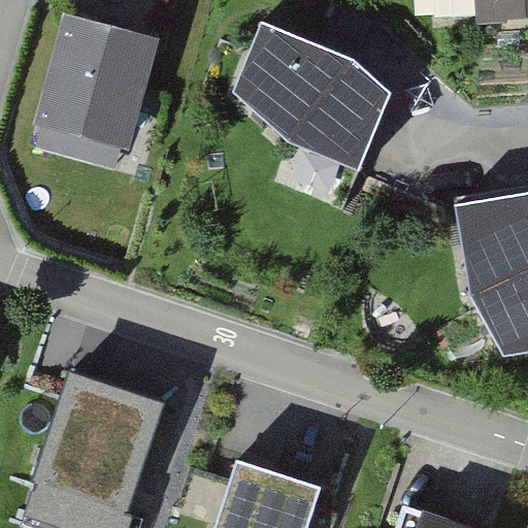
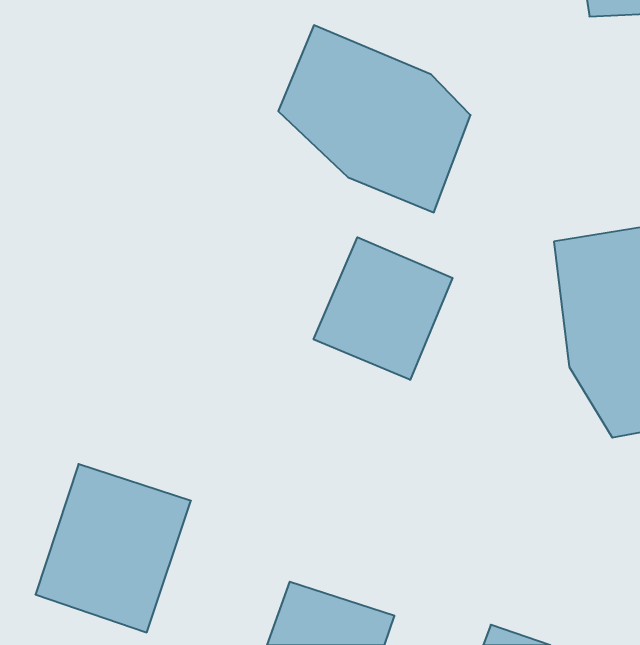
building: [44,24,153,147] -> none
building: none -> [314,237,453,380]

